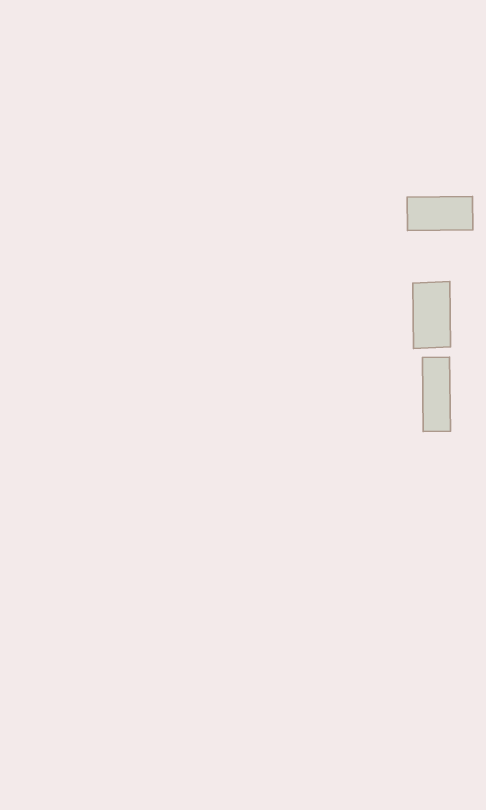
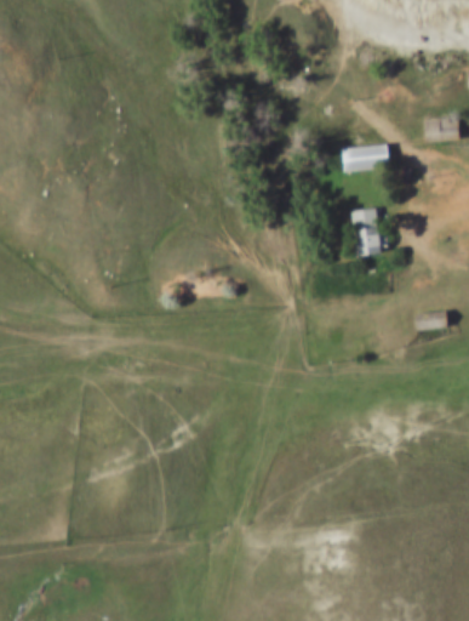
building: [422,357,451,431] -> none

